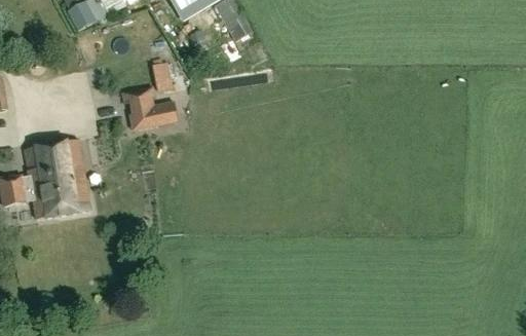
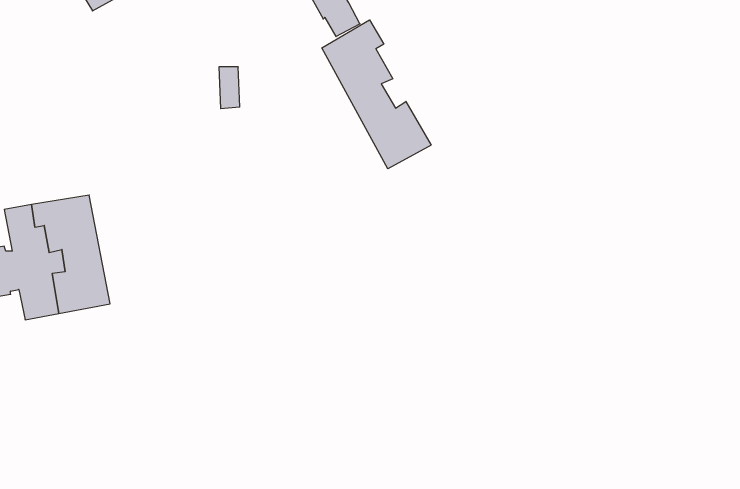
building: none -> [322,20,431,169]
building: [121,87,179,134] -> none

